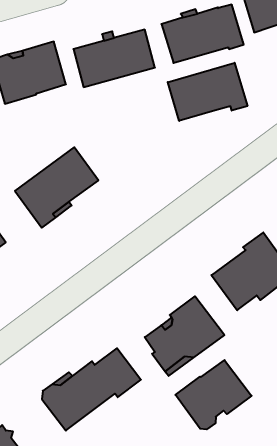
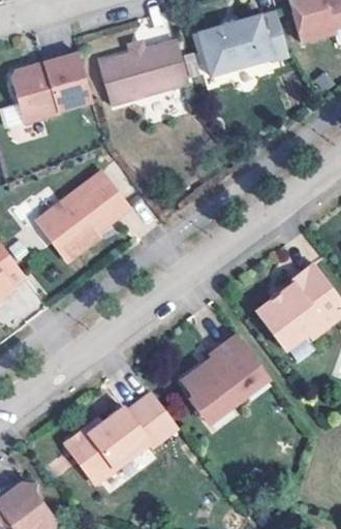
building: [168,63,247,121] -> none
building: [175,360,252,429] -> none

